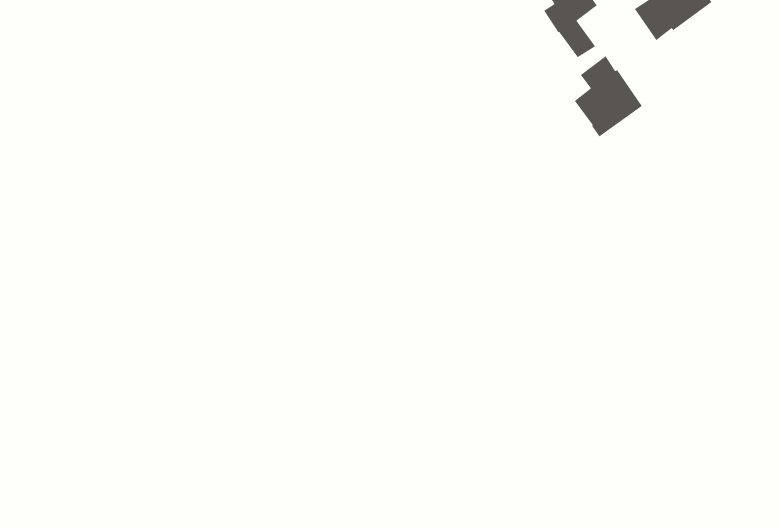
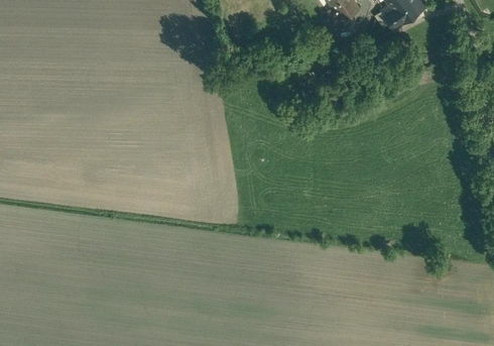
building: [574,55,643,137] -> none

